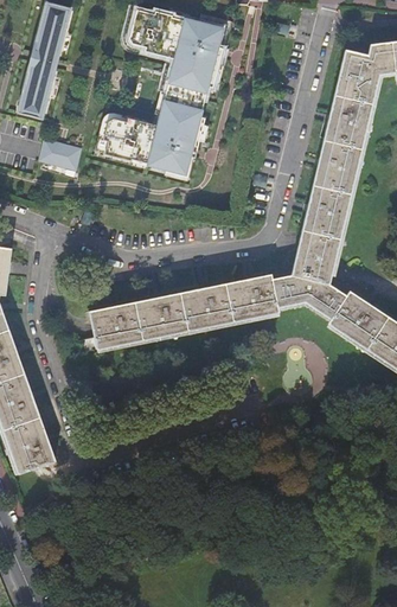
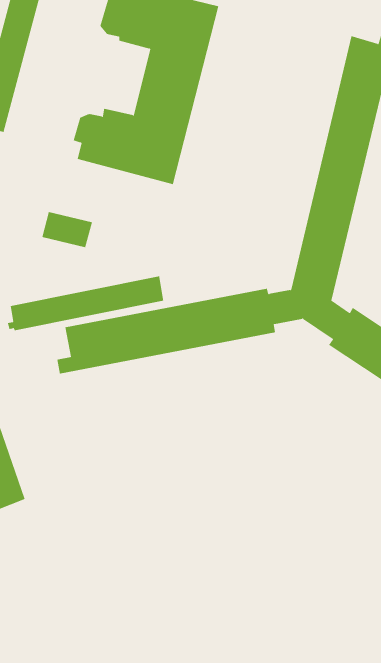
building: [40,138,85,170] -> [42,212,93,248]
building: none -> [7,276,164,331]

